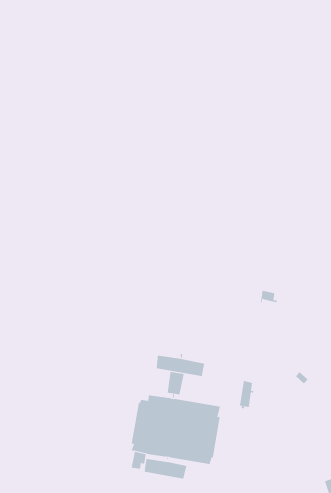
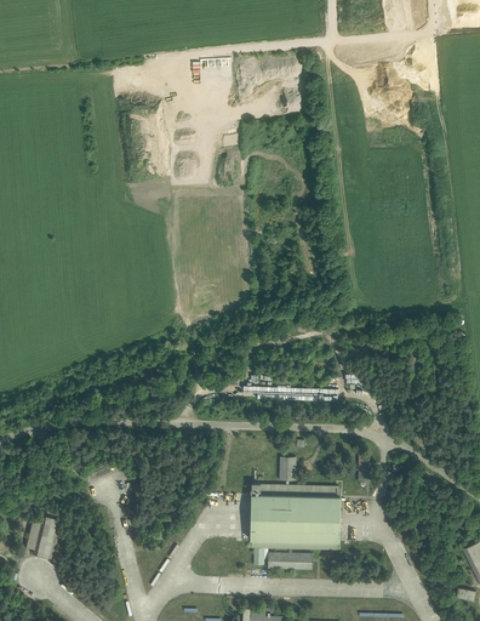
building: [156,353,205,377] -> none

